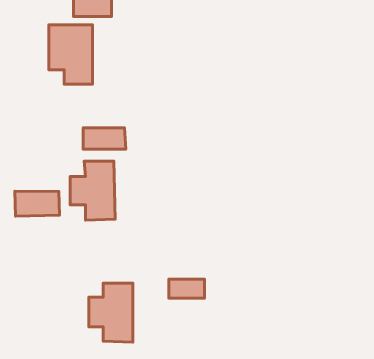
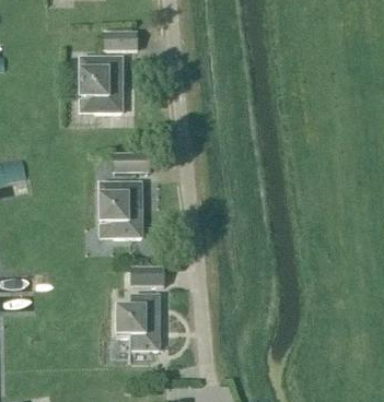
building: [15,191,59,216] -> none
building: [169,279,204,298] -> [130,269,163,286]

